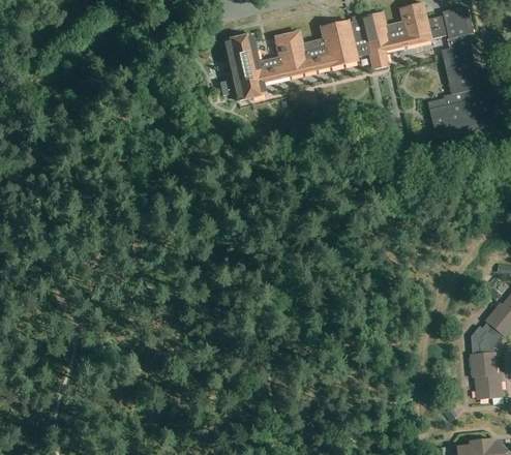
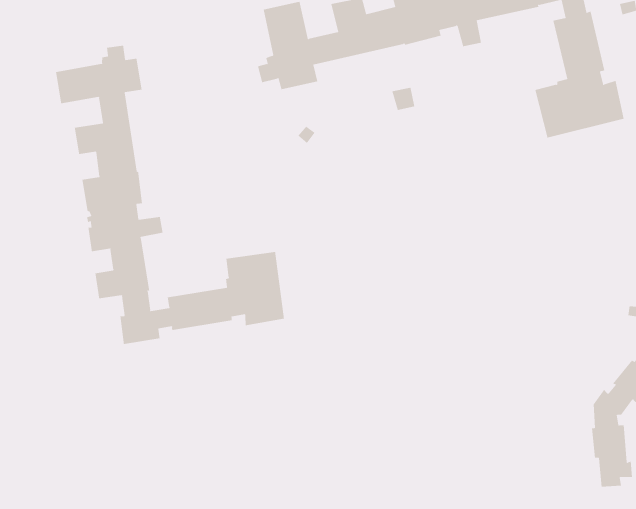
building: none -> [55,45,284,345]

